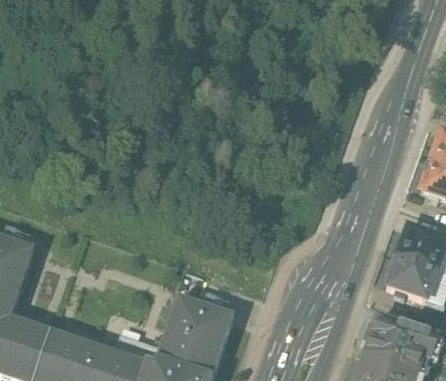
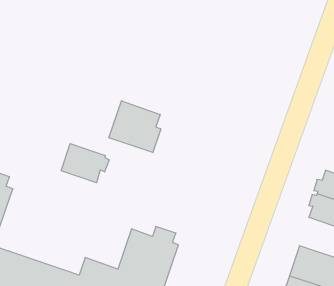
building: none -> [109,101,161,153]
building: none -> [61,144,109,183]

